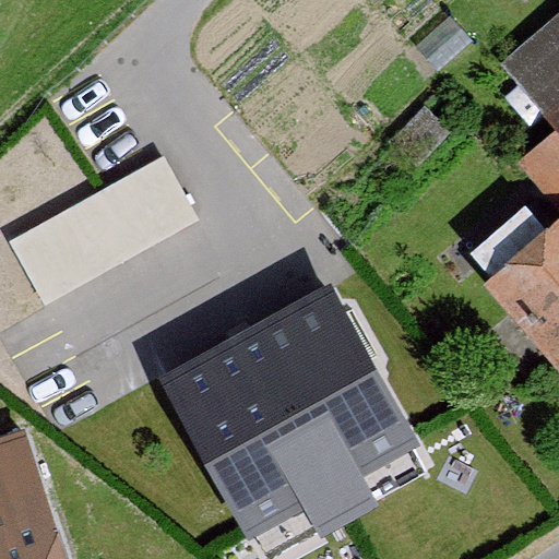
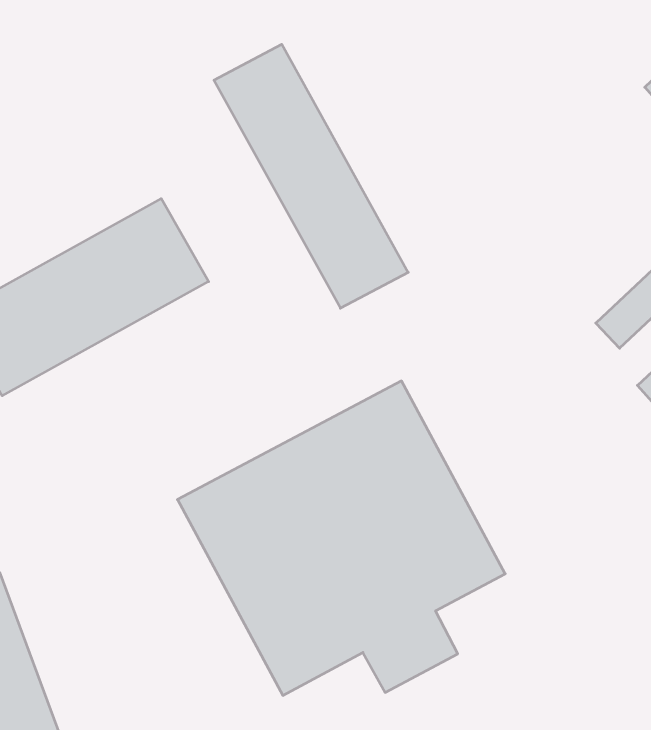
building: none -> [214,44,408,308]

